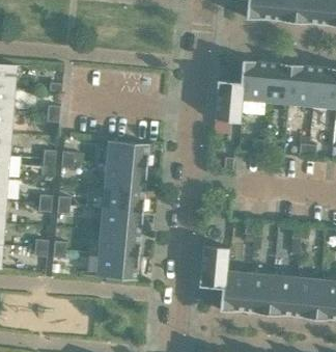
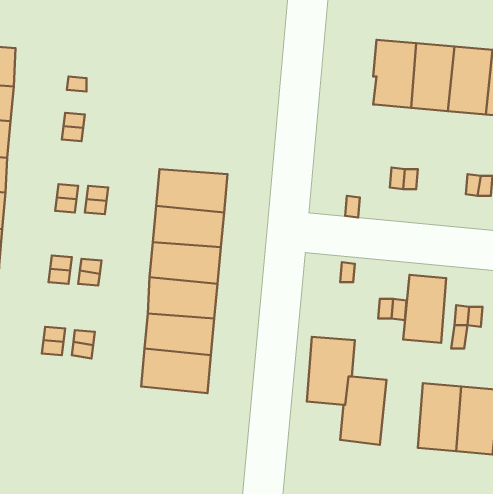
building: [214,79,243,123] -> none
building: [245,272,272,315] -> [403,275,446,343]

